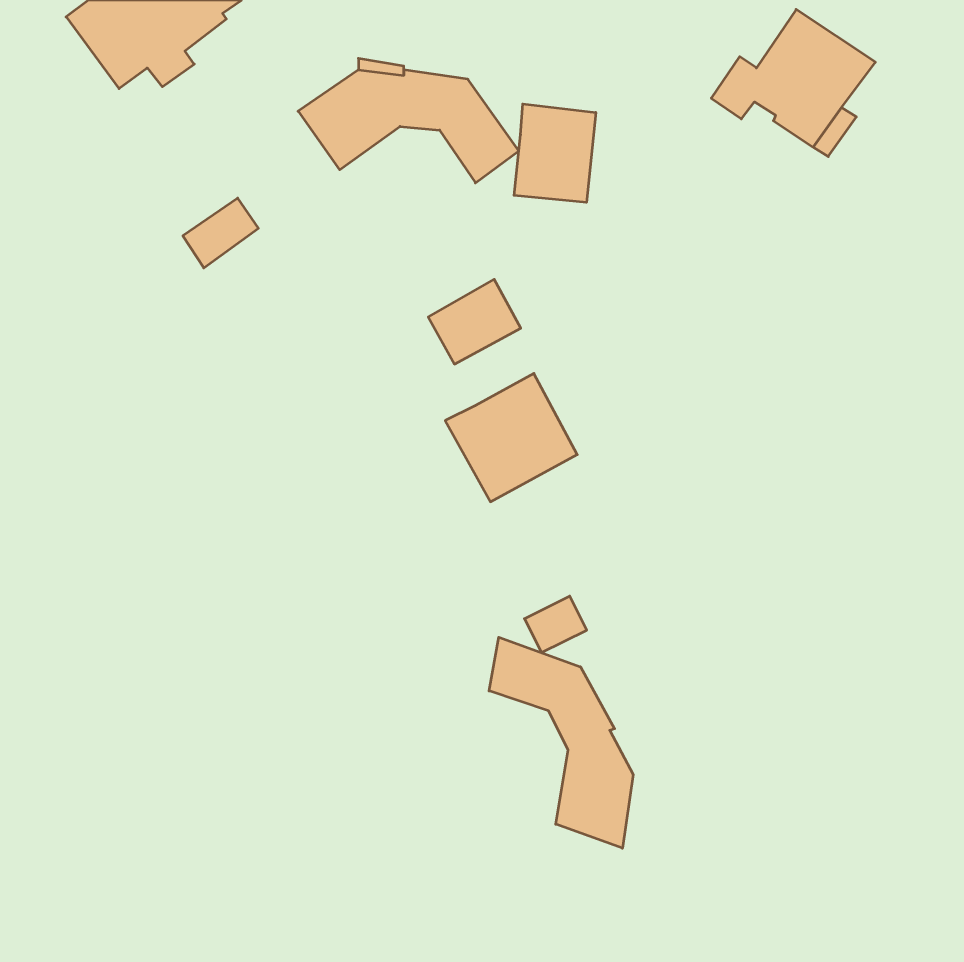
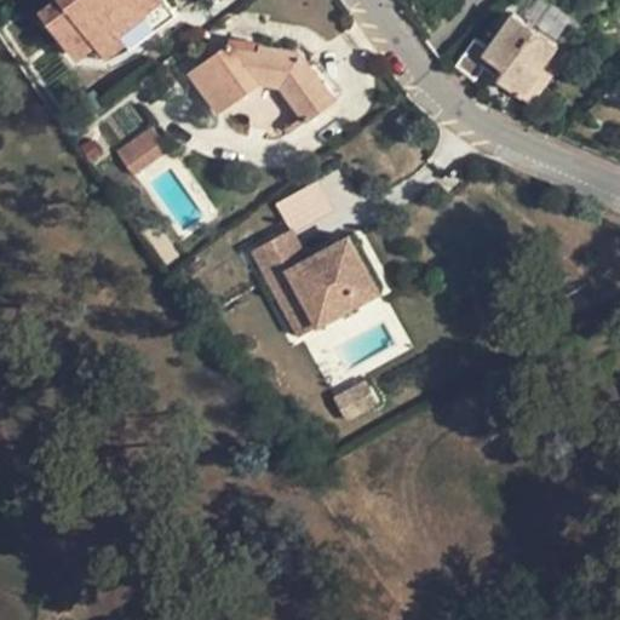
building: [514,104,596,202] -> none
building: none -> [256,235,315,334]
building: [489,637,633,848] -> none

